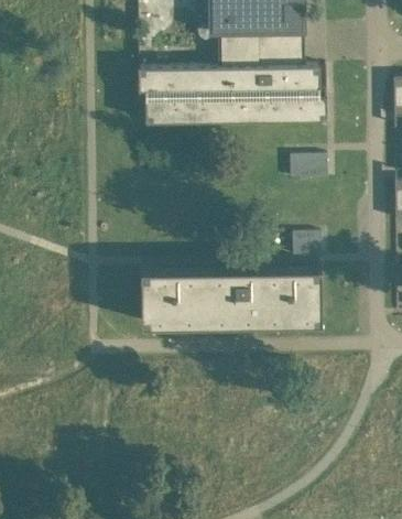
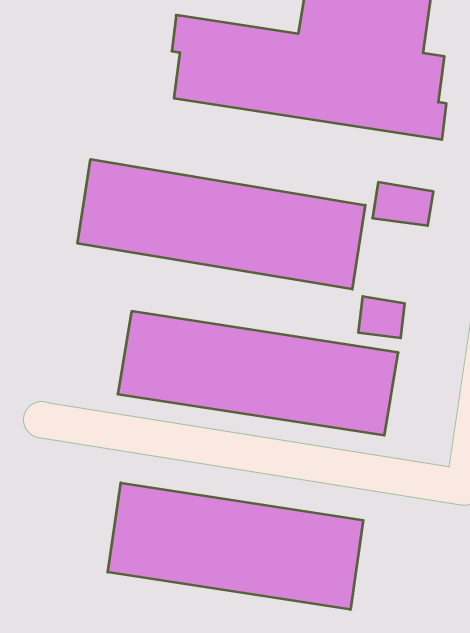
building: none -> [78,159,365,289]
building: none -> [108,483,363,610]

